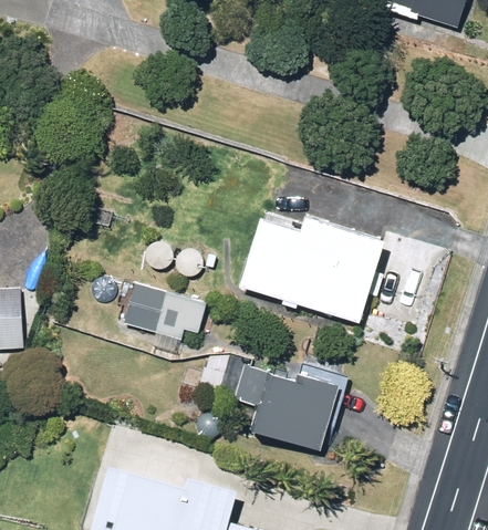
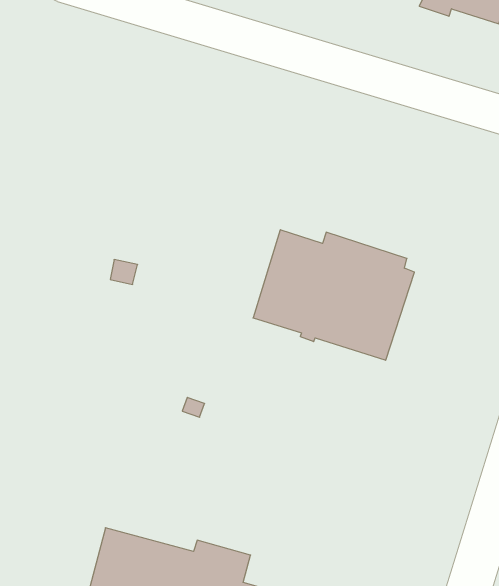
building: [124,283,205,353] -> none
building: [233,365,340,451] -> none

